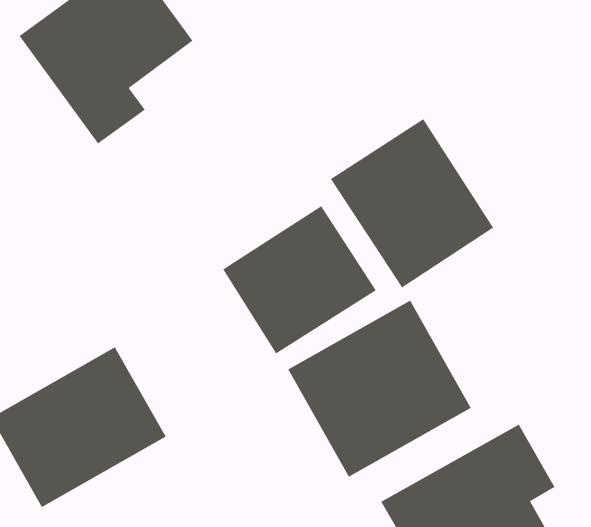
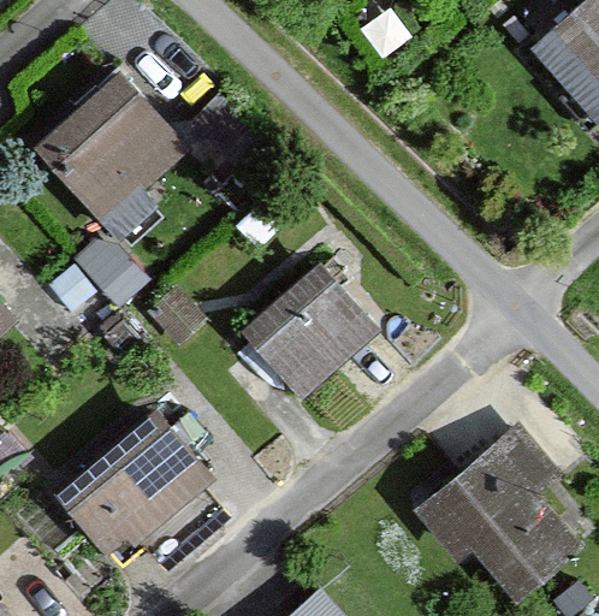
building: [330,118,494,289] -> none
building: [287,300,472,478] -> none

